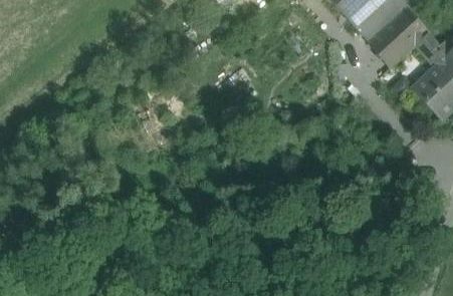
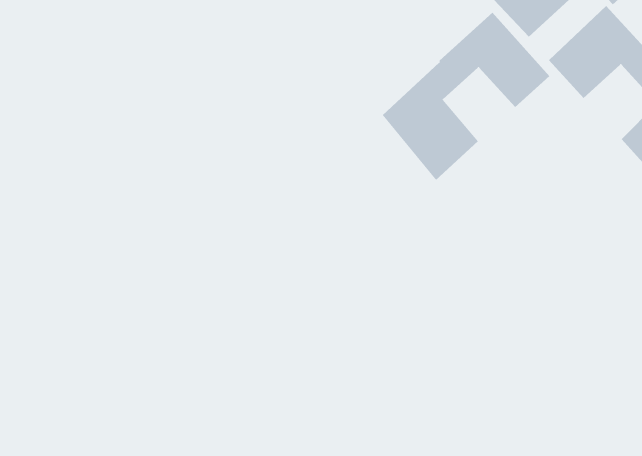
building: none -> [382,12,550,181]

